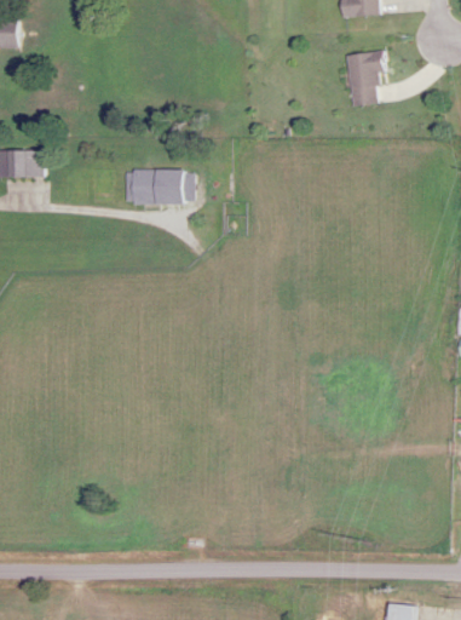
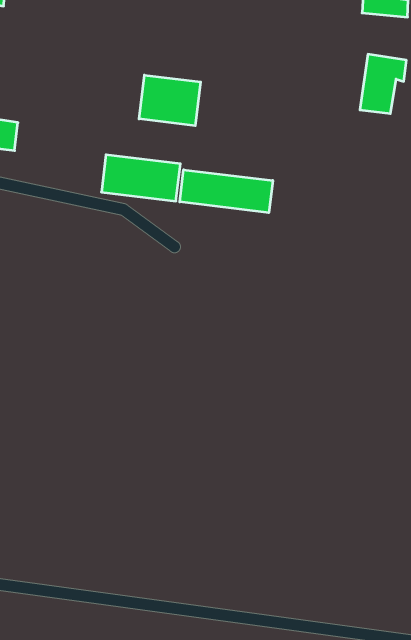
building: none -> [139,75,201,126]
building: none -> [180,170,273,213]

